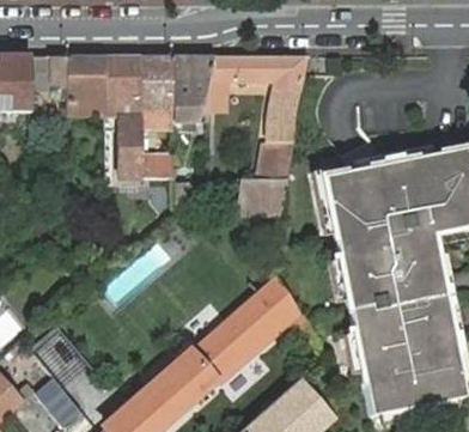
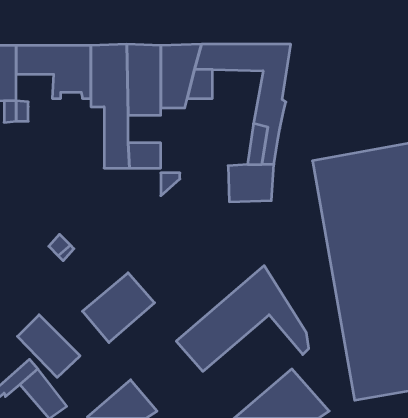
building: [146,352,218,421] -> [82,273,155,343]

